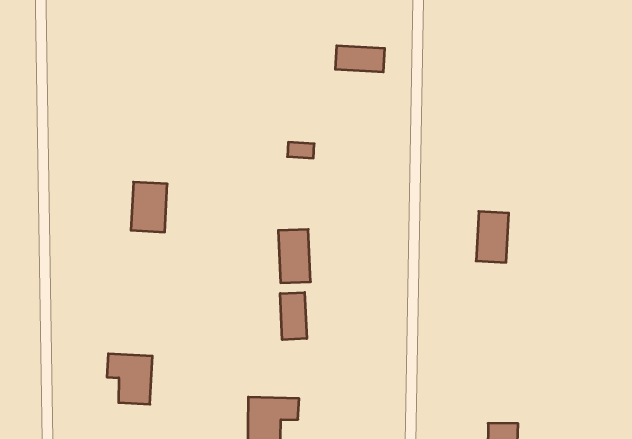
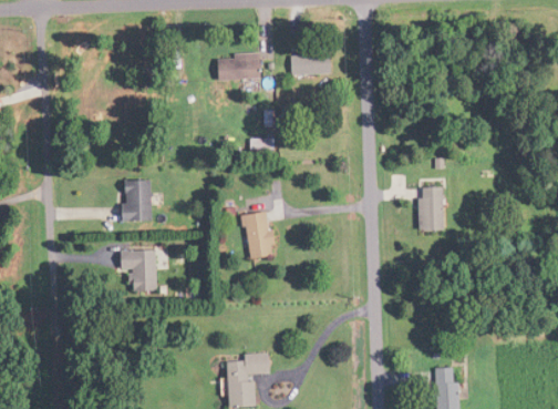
building: none -> [215,54,259,80]
building: [280,292,307,340] -> none
building: [107,354,152,404] -> [120,250,157,292]

